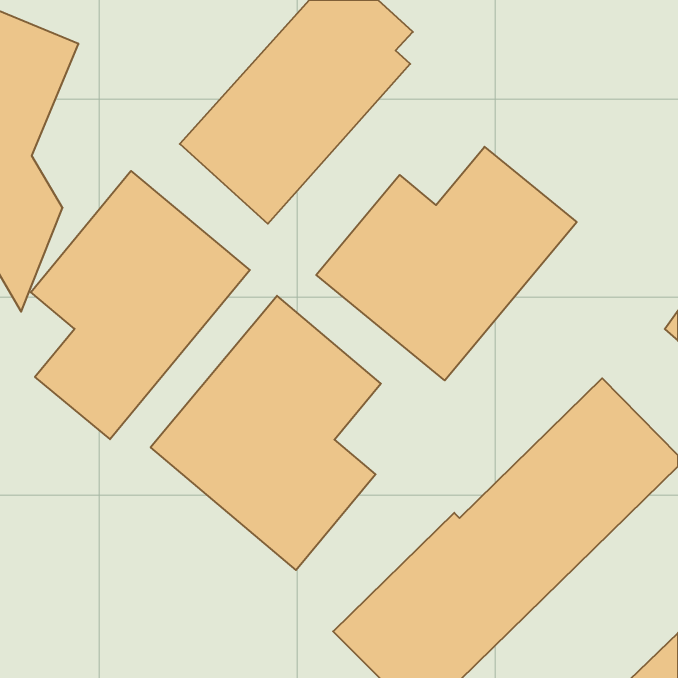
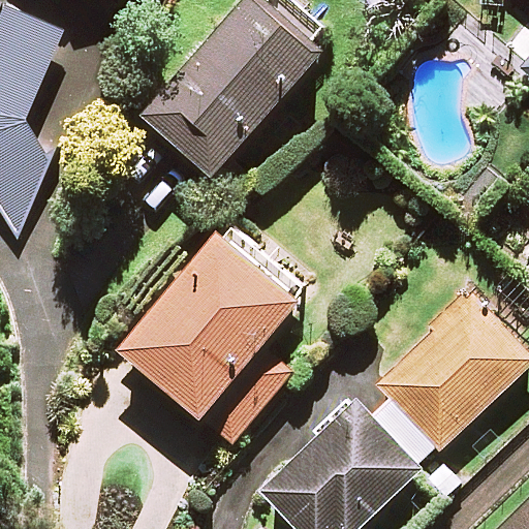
building: [316,147,577,380] -> none
building: [31,171,250,439] -> none

